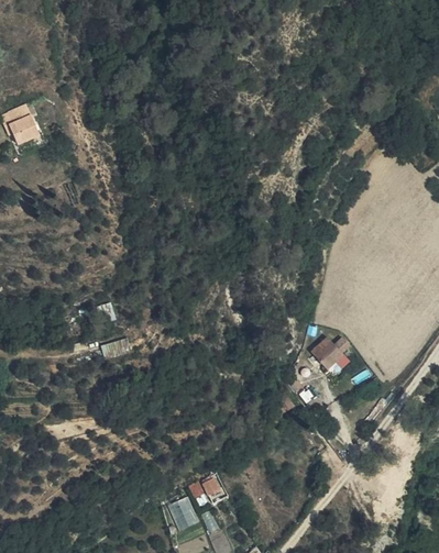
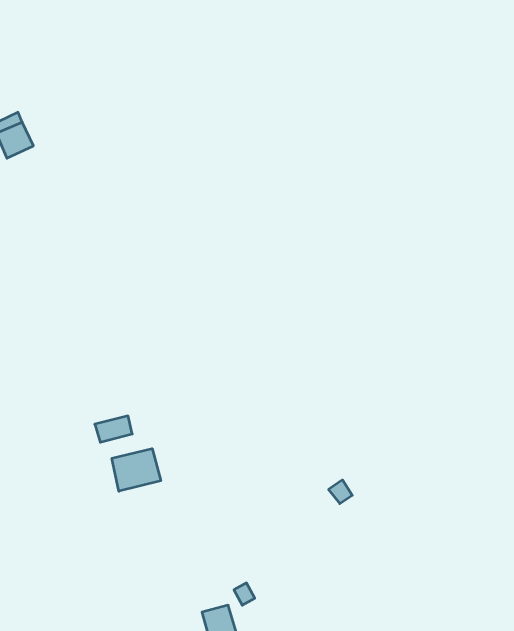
building: [307,339,348,369] -> none
building: none -> [112,449,161,491]

